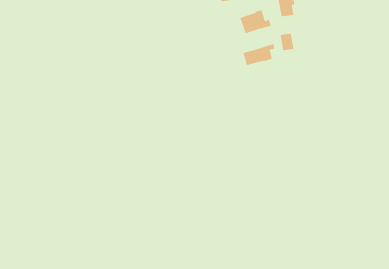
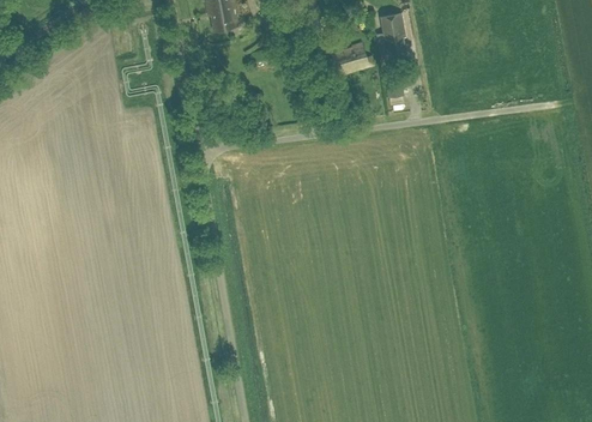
building: [243,43,275,66] -> none

